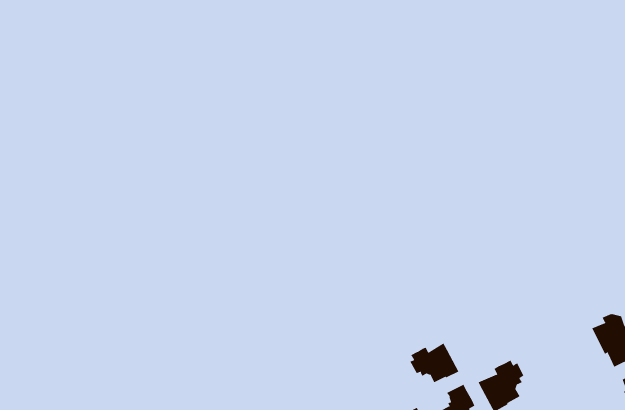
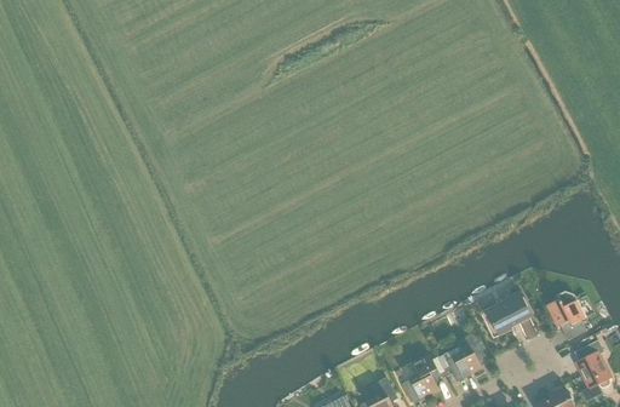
building: none -> [488,293,529,336]
building: [410,342,459,385] -> none

